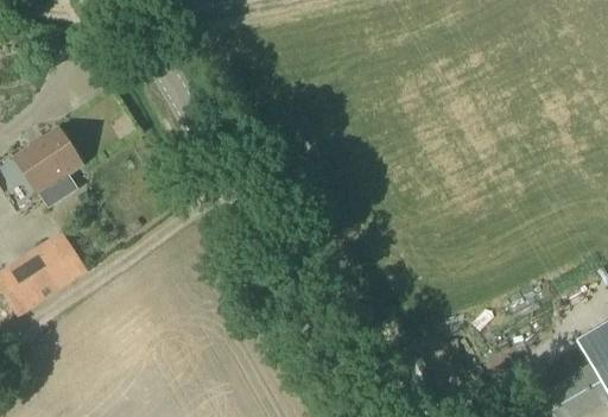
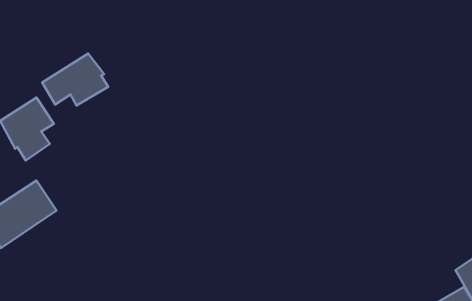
building: none -> [42,53,108,106]

